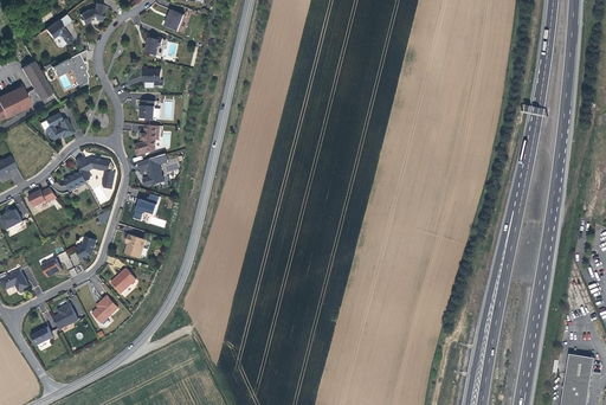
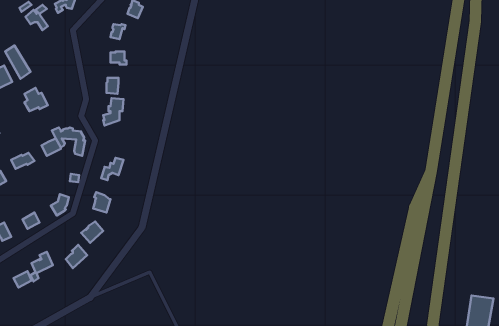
building: [50,52,88,86] -> none
building: [137,154,167,186] -> none

